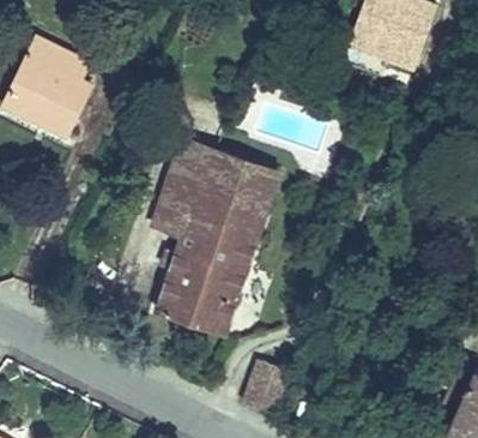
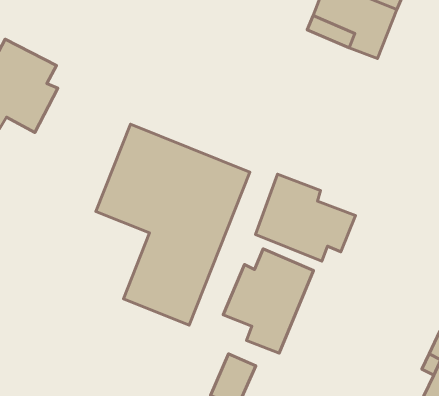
building: none -> [255,174,355,261]
building: none -> [223,249,313,353]

